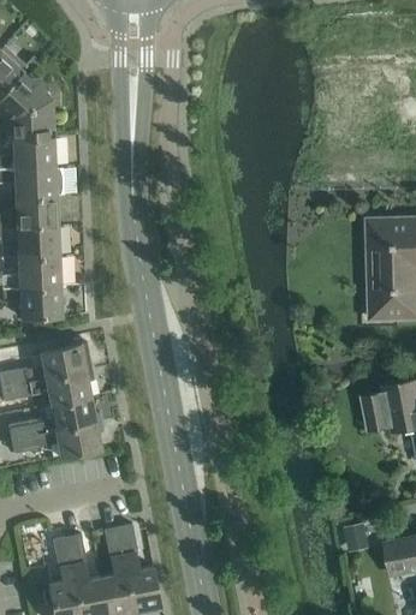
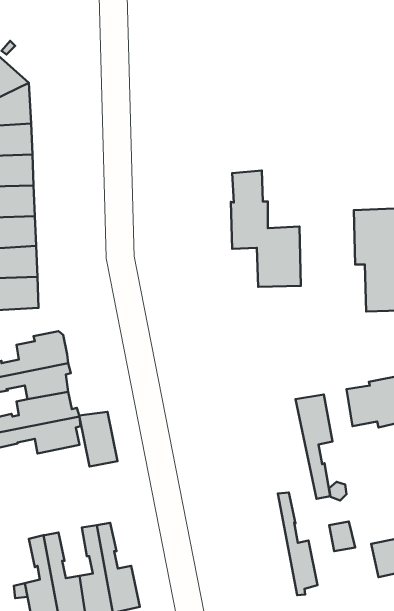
building: none -> [231,170,301,287]
building: none -> [295,395,332,499]
building: none -> [79,412,117,466]
building: none -> [278,492,318,595]

